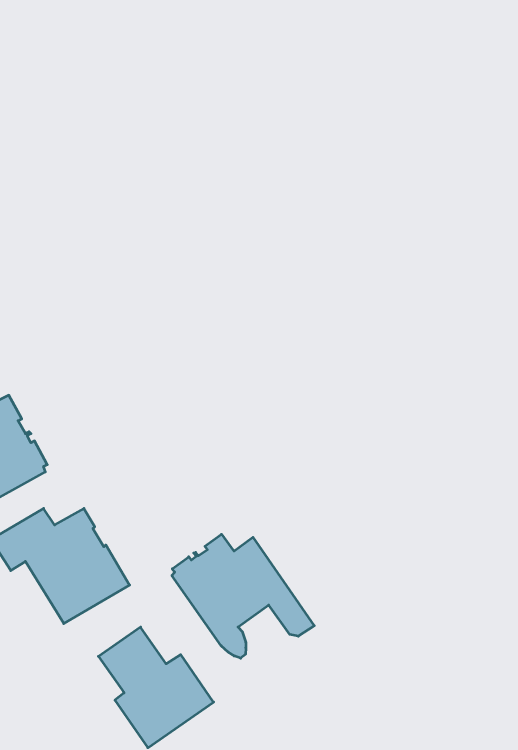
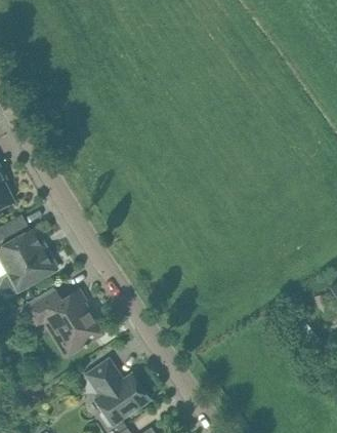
building: [172,534,314,658] -> none

